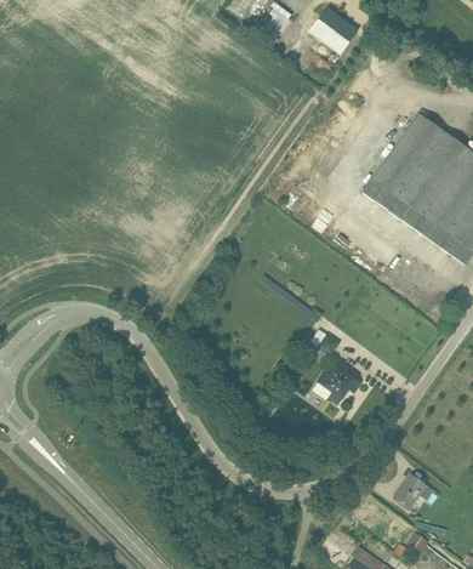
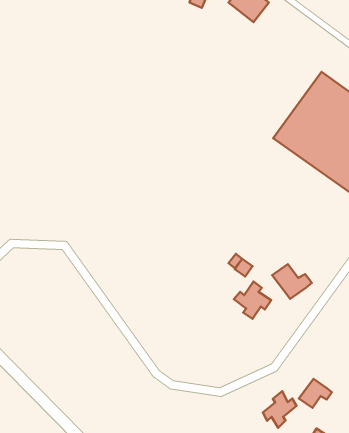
building: none -> [272,264,312,299]
building: none -> [263,391,296,428]

